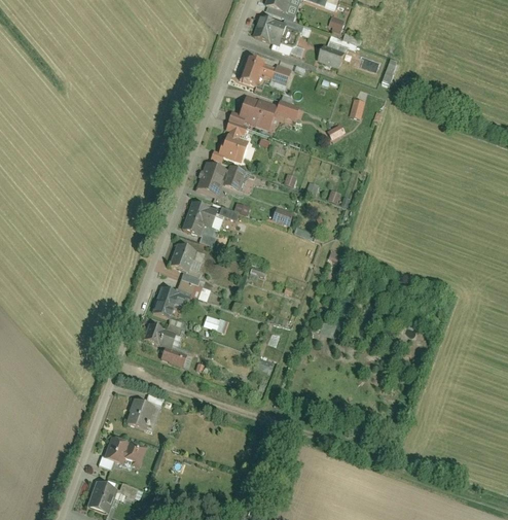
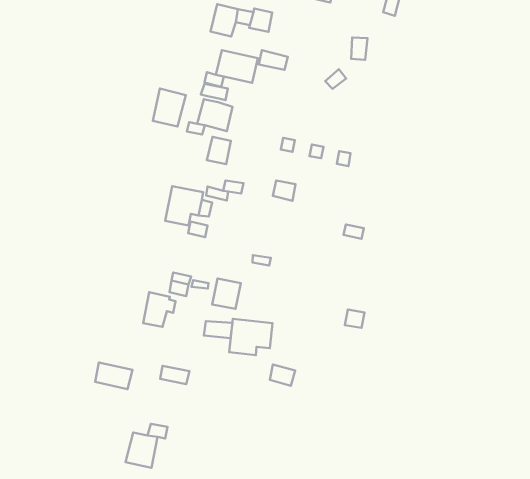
building: [196,162,226,195] -> [153,88,186,126]
building: [170,244,195,271] -> [212,279,241,309]
building: none -> [229,319,273,355]
building: [144,323,176,348] -> [95,363,133,389]

